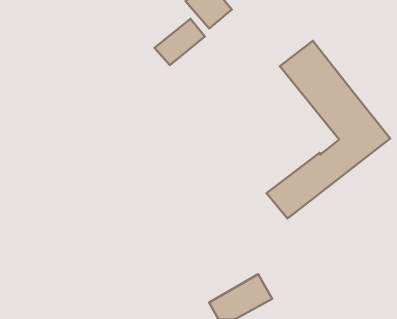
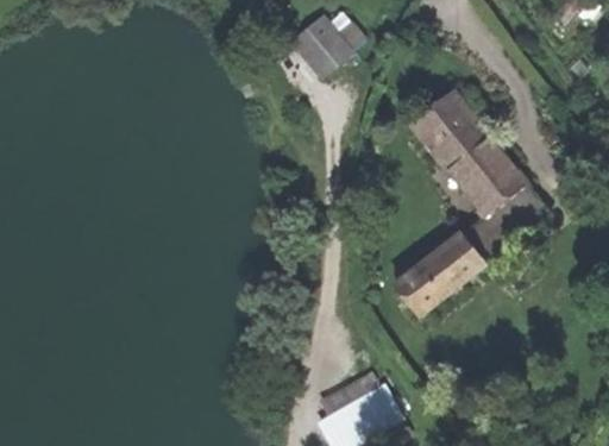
building: [154,19,205,65] -> none

